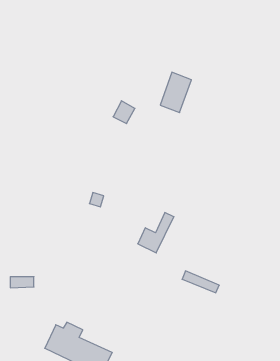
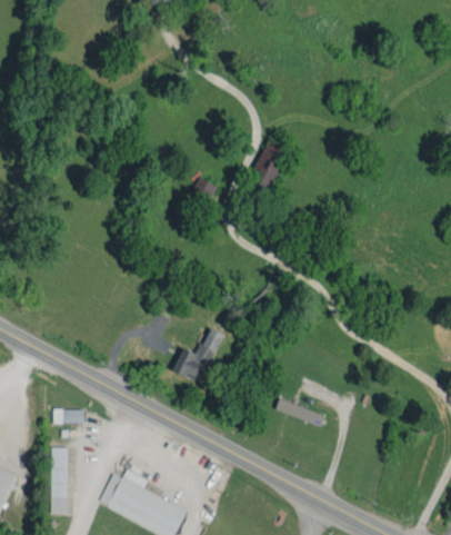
building: [138,213,174,253] -> [173,328,221,382]
building: none -> [51,447,68,514]

